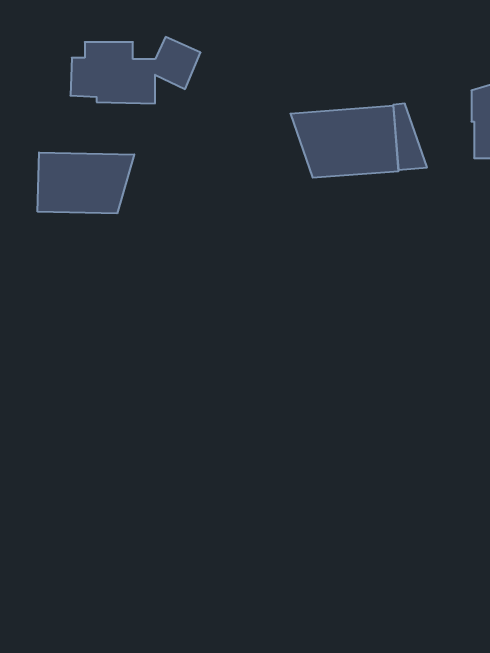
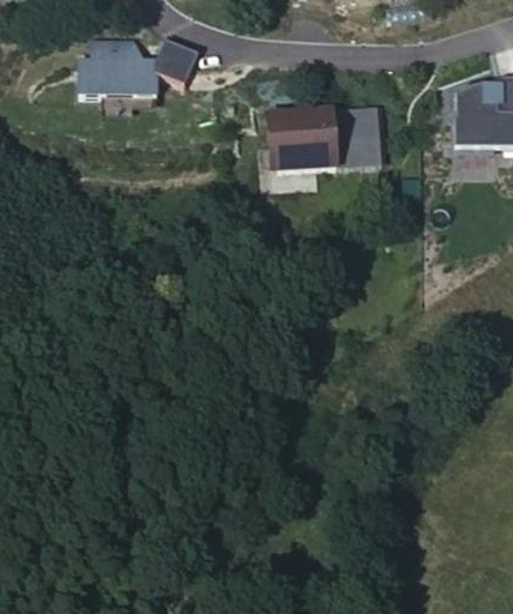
building: [393,104,427,170] -> [273,110,304,171]
building: [38,152,134,213] -> none

